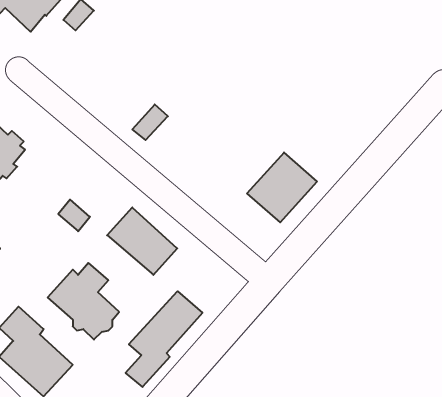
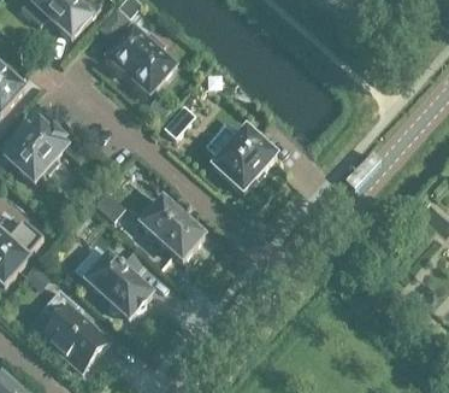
building: none -> [105,23,176,92]
building: [247,152,317,222] -> [212,128,276,192]
building: [126,291,202,387] -> none

